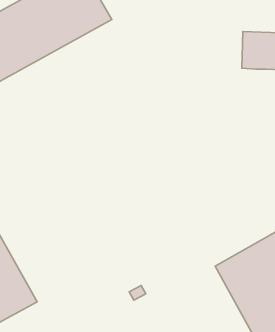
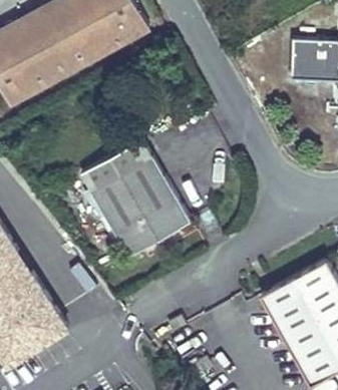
building: none -> [80,140,191,259]

